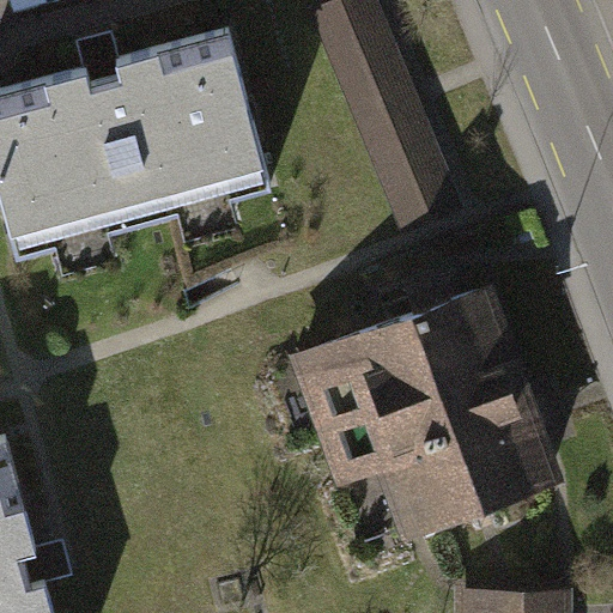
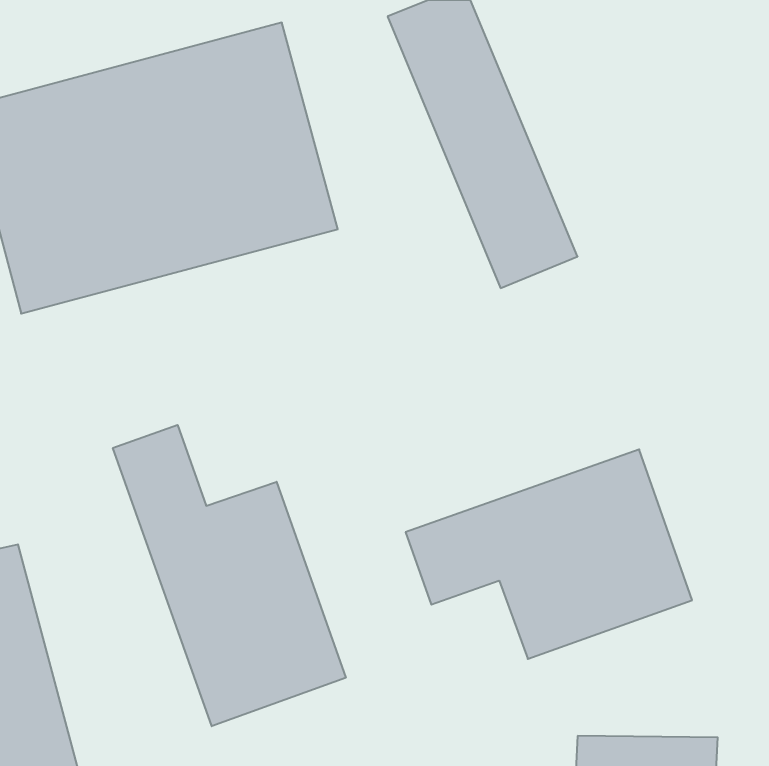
building: [297,289,508,426] -> none
building: none -> [113,425,346,726]

